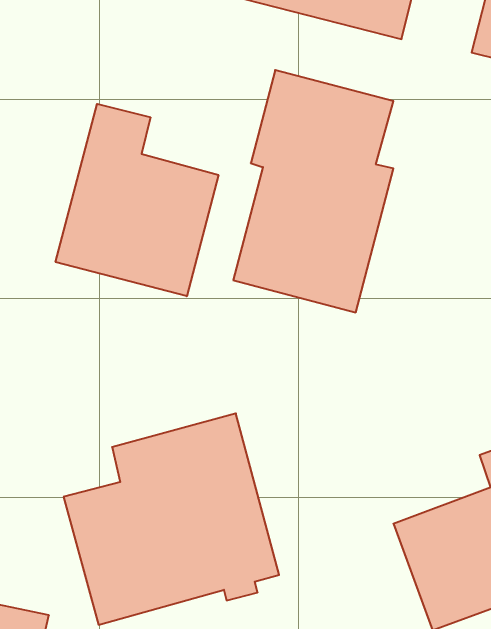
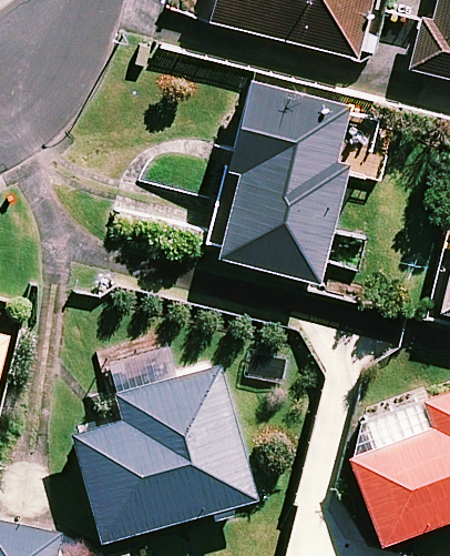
building: [56,104,218,296] -> none

